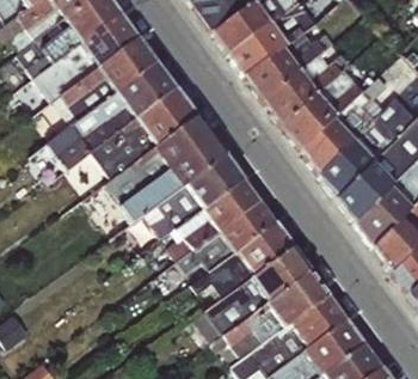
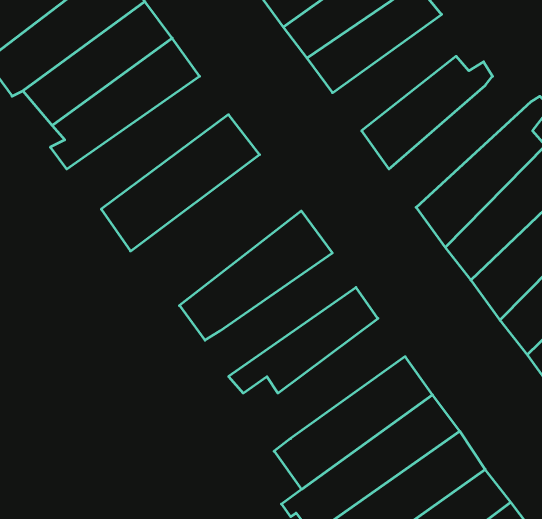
building: [247,23,336,99] -> none
building: [35,63,179,173] -> none
building: [284,69,377,149] -> none
building: [106,115,227,228] -> none
building: [161,179,263,267] -> none
building: [195,222,295,301] -> none

